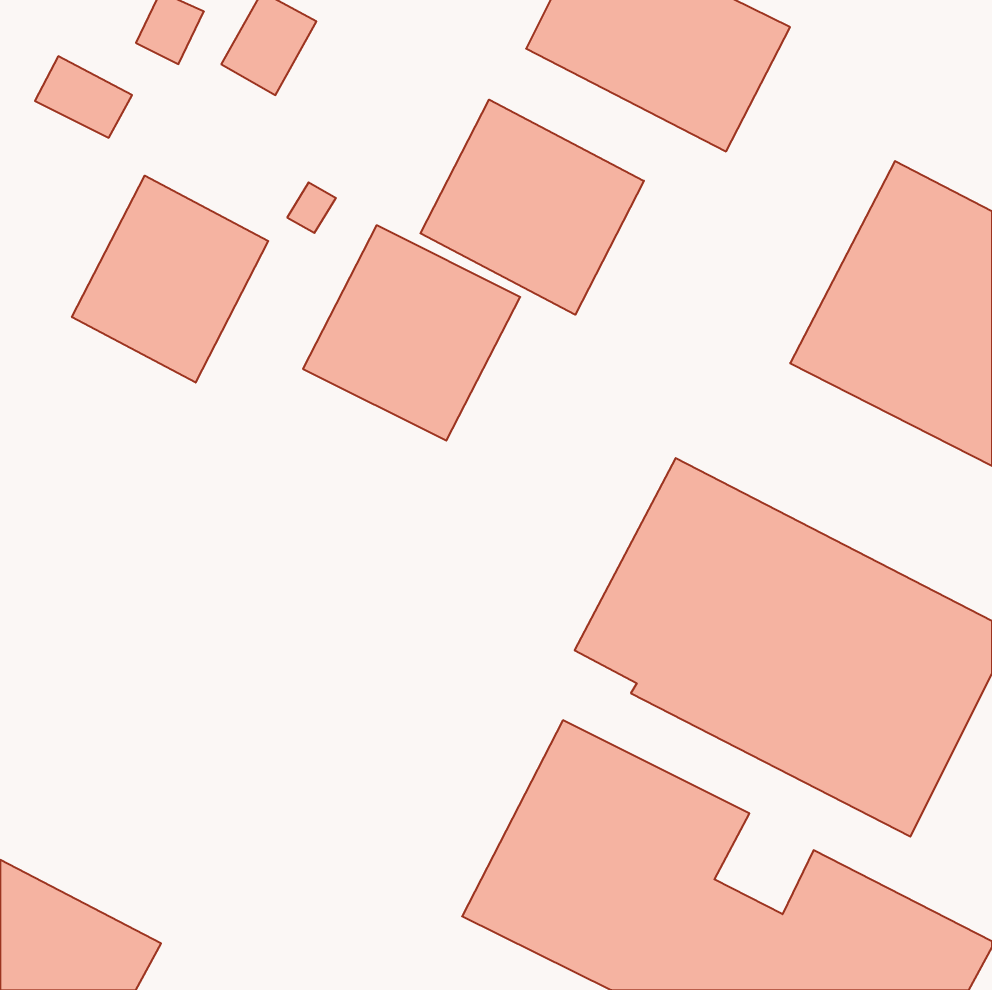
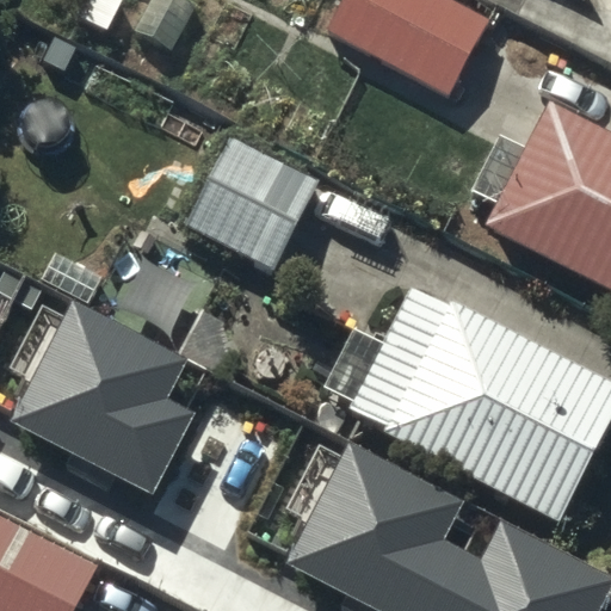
building: [420,100,644,315] -> none
building: [72,176,268,383] -> none
building: none -> [12,302,191,492]

